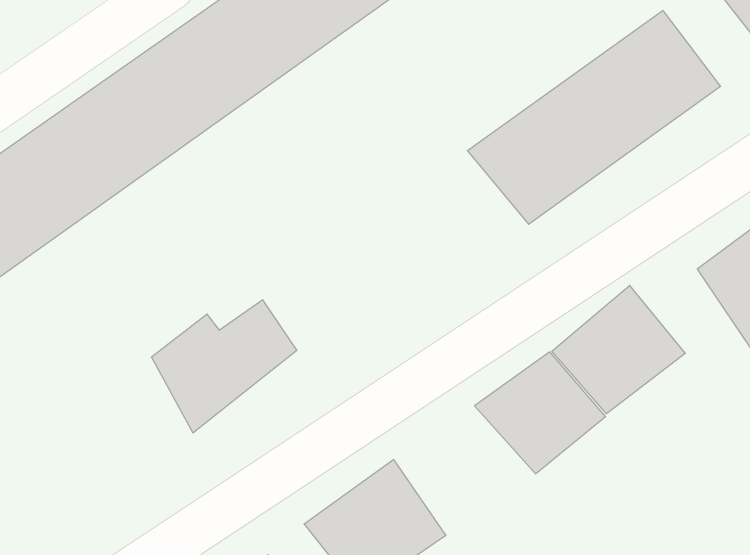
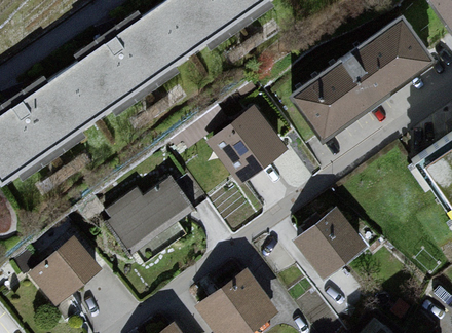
building: none -> [209,109,288,182]
building: [552,285,685,414] -> none
building: none -> [29,237,105,307]

